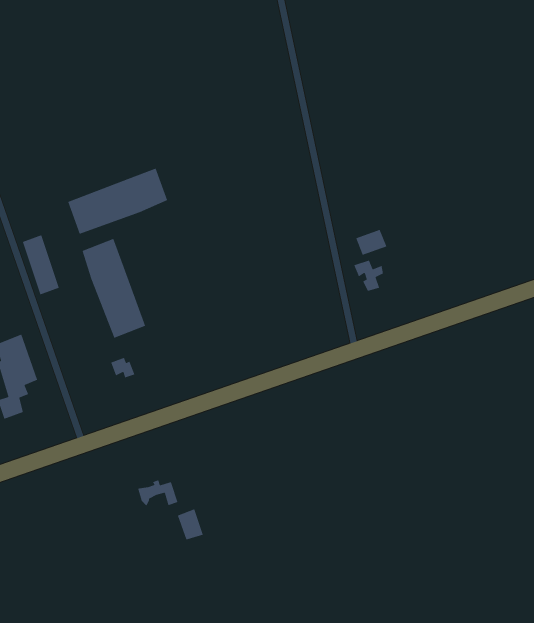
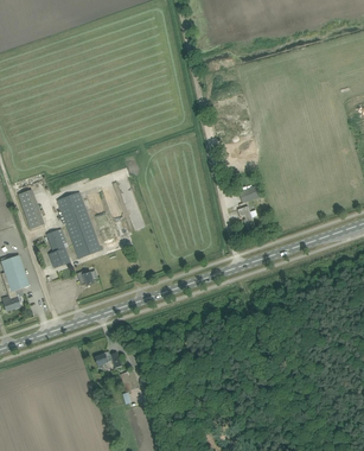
building: [67,167,168,235] -> none
building: none -> [46,228,71,267]

